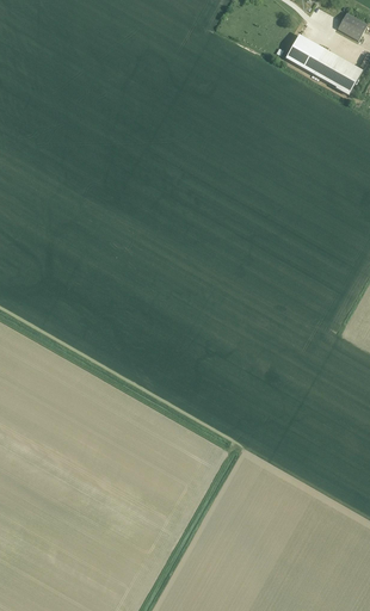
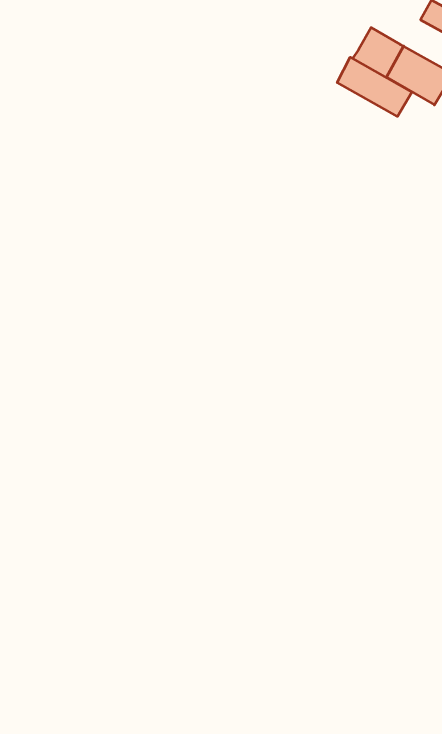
building: none -> [337,57,412,116]

